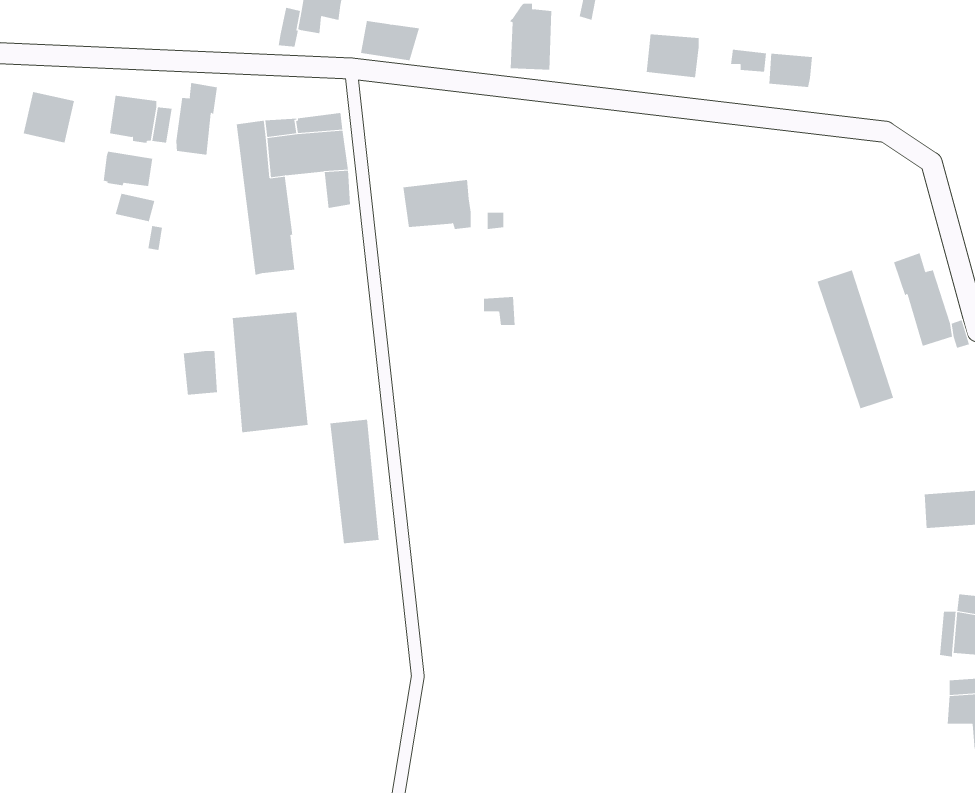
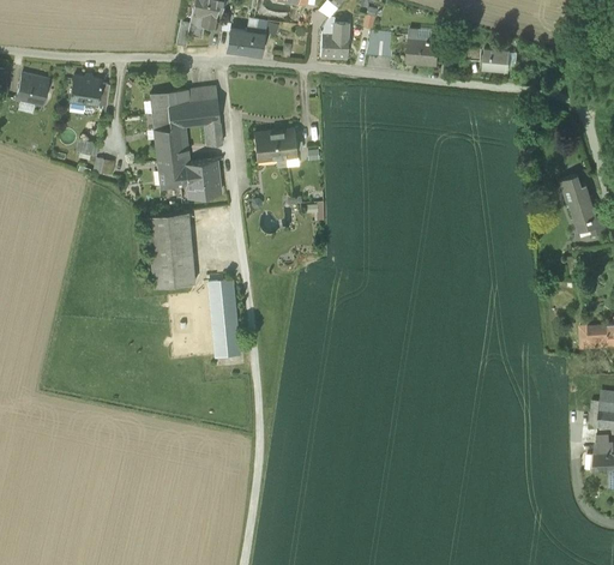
building: none -> [367,31,395,58]
building: [176,82,218,155] -> none
building: [103,151,153,187] -> none
building: none -> [185,160,222,197]
building: [817,269,894,409] -> none
building: [183,350,218,395] -> none

